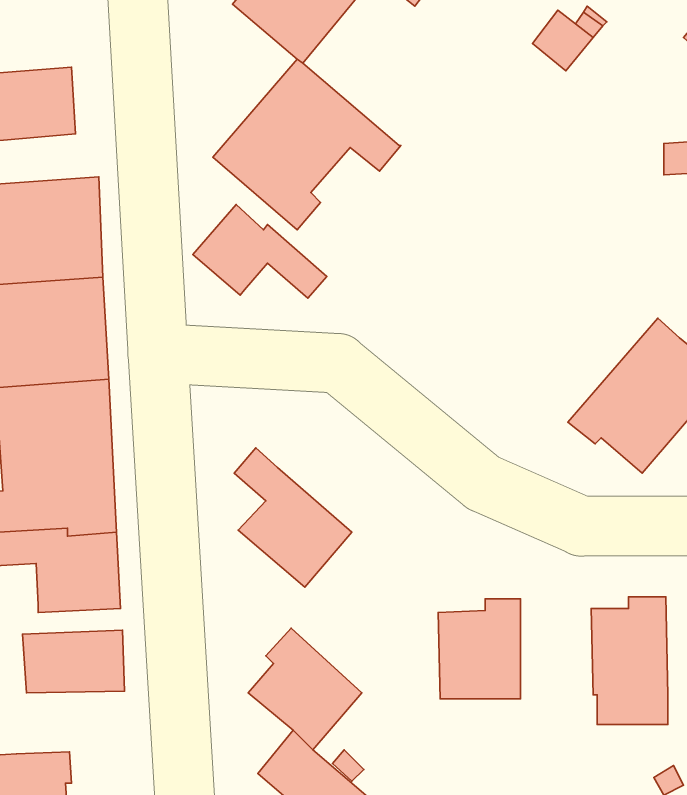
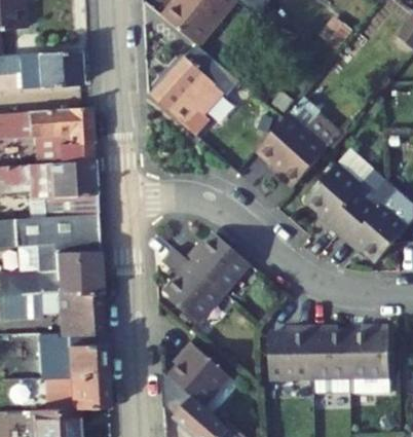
building: none -> [257,99,342,187]
building: [193,205,327,298] -> none
building: none -> [305,152,384,234]
building: none -> [185,232,250,292]
building: none -> [312,327,351,394]
building: none -> [46,375,107,408]

